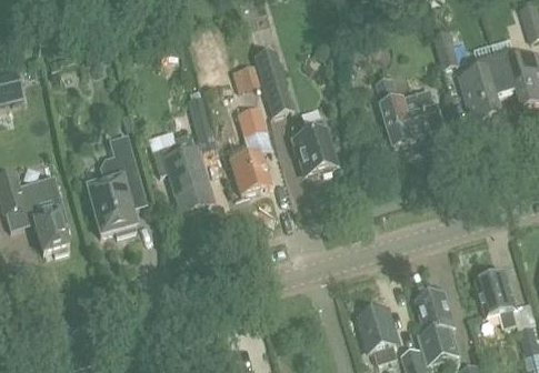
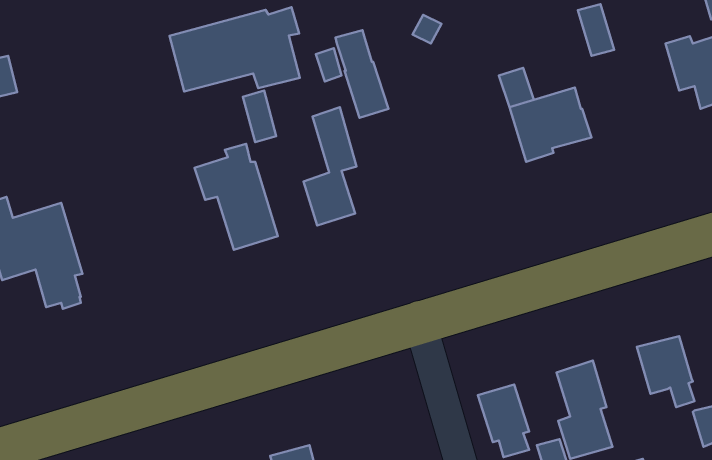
building: none -> [169,7,300,91]
building: [460,59,507,122] -> none
building: [290,119,336,173] -> none
building: [87,134,142,234] -> none

